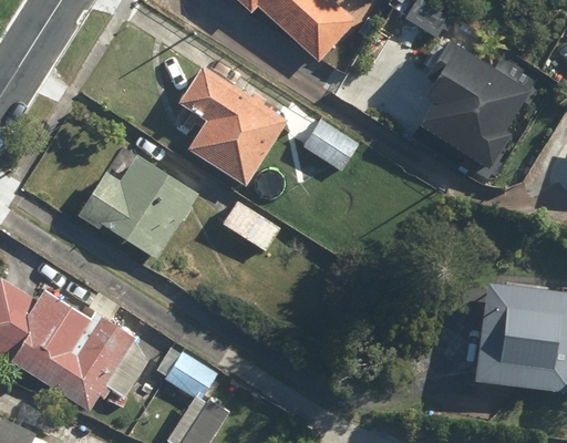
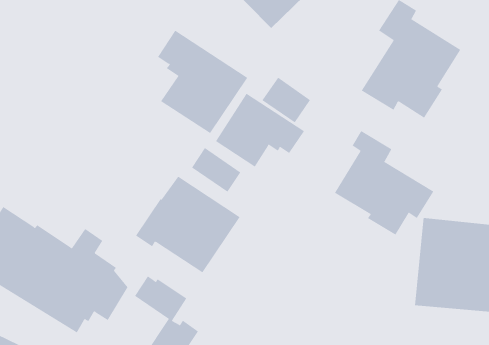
building: none -> [215,93,305,168]
building: [79,147,199,259] -> [135,176,240,273]
building: none -> [334,130,434,236]

